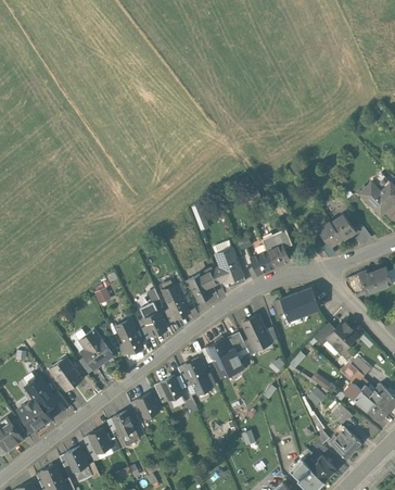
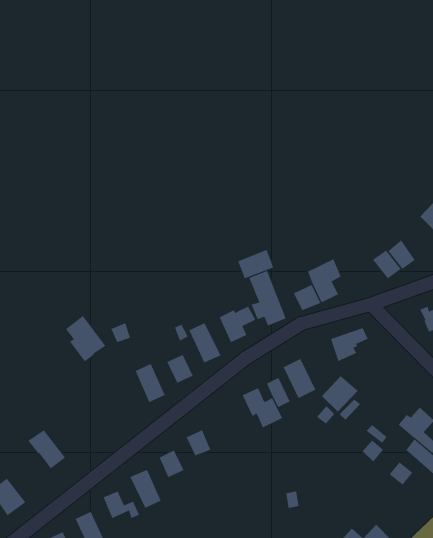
building: none -> [237,249,274,279]
building: [326,322,357,353] -> [321,376,358,413]
building: [75,329,110,369] -> [65,315,106,362]
building: [49,356,79,390] -> none
building: [182,360,213,394] -> none
building: [20,398,50,431] -> none
building: [328,428,360,461] -> none

